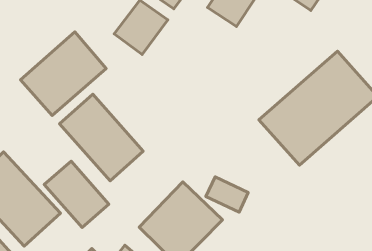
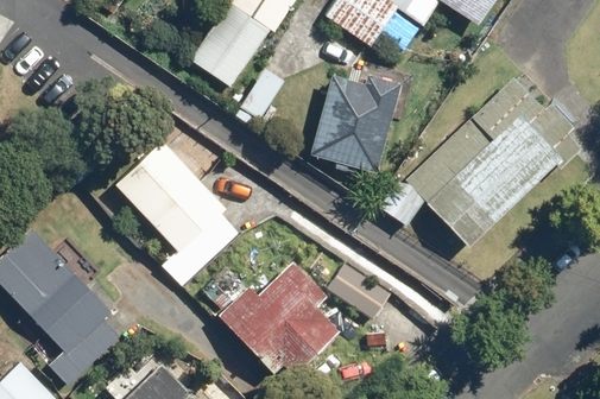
building: [21,32,106,116] -> none
building: none -> [310,76,397,173]
building: [44,161,109,227] -> none

